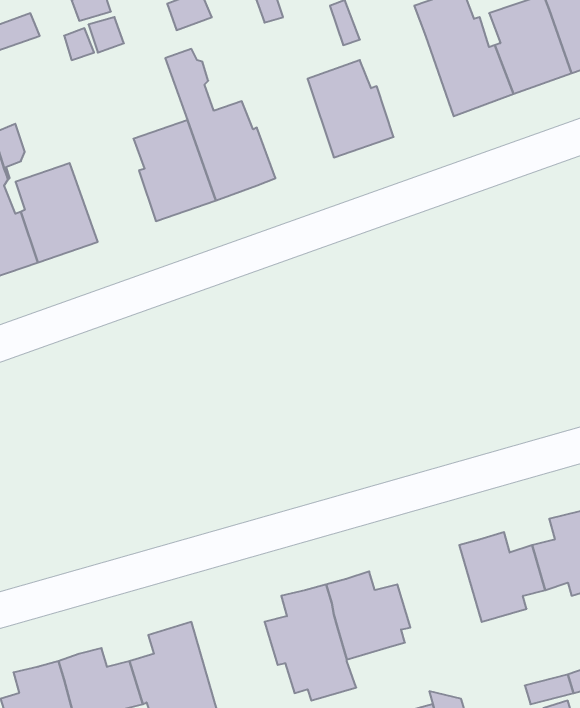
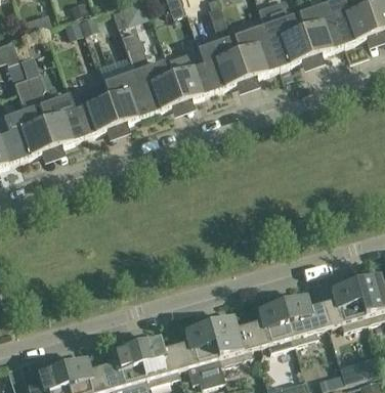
building: none -> [233,24,279,79]
building: none -> [169,47,213,101]
building: none -> [69,82,116,136]
building: none -> [248,302,294,351]
building: none -> [135,337,182,386]

